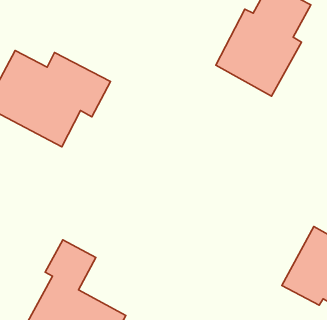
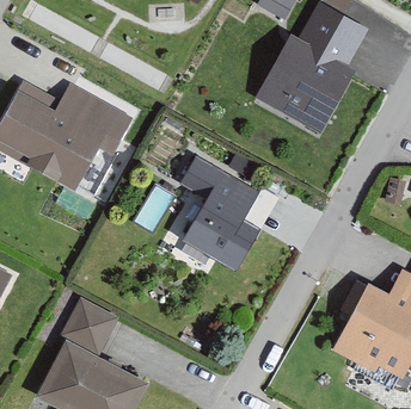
building: none -> [170,155,260,267]

